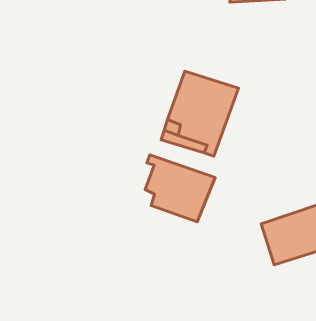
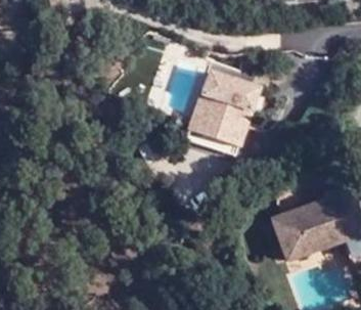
building: [145,155,215,222] -> none

